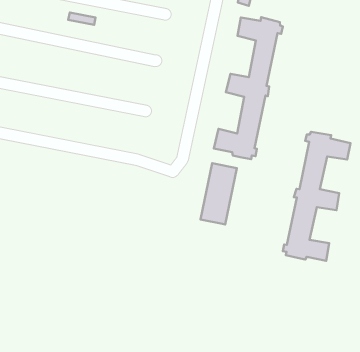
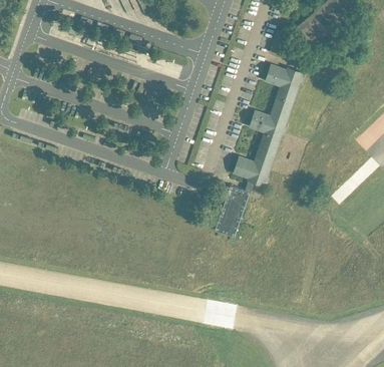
building: [283,132,351,261] -> none

